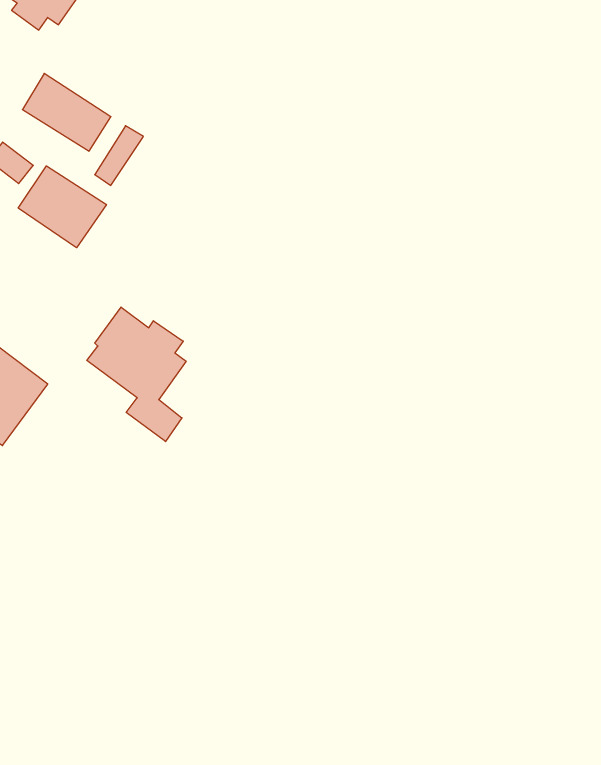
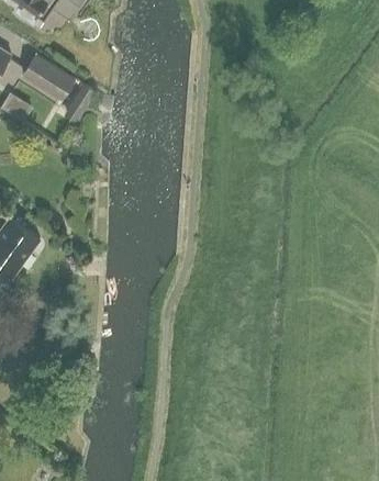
building: [18,166,106,248] -> none
building: [87,307,186,442] -> none

